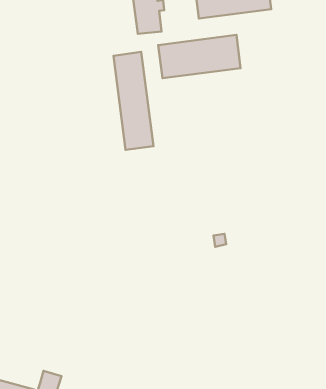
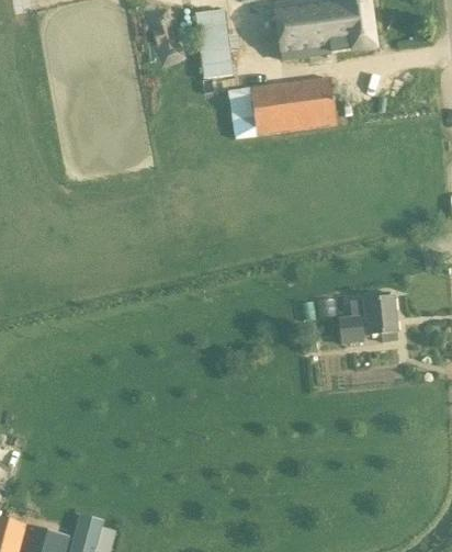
building: [113,52,153,150] -> none
building: none -> [339,292,396,343]

